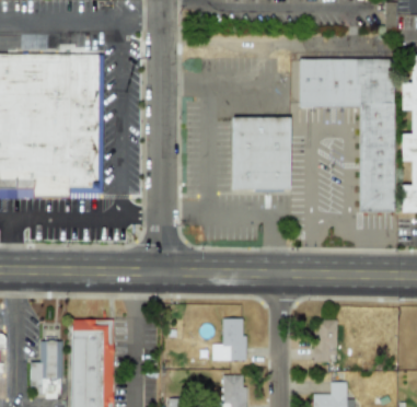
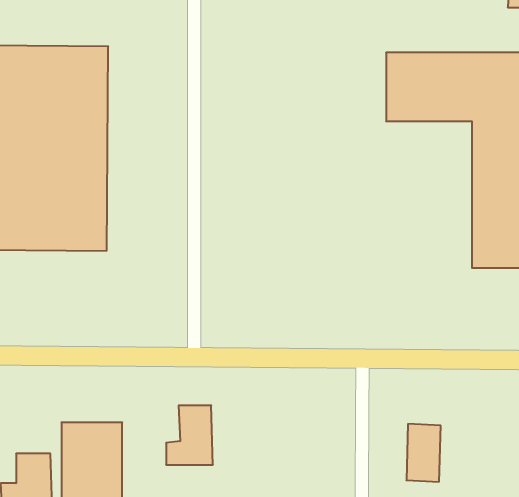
building: [232,116,290,189] -> none
building: [212,318,245,360] -> [166,405,213,465]

